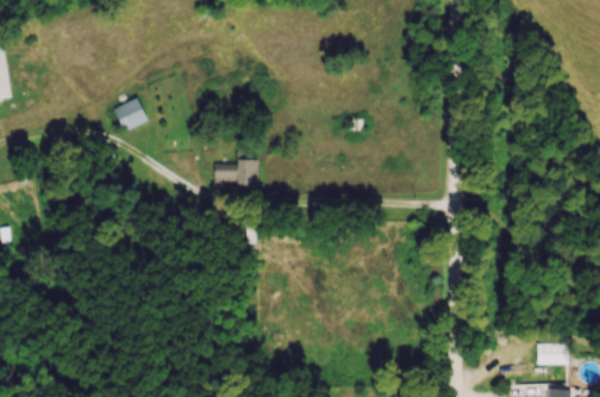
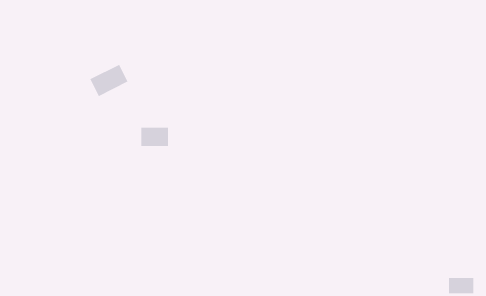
building: [214,162,248,186] -> [141,127,169,147]

